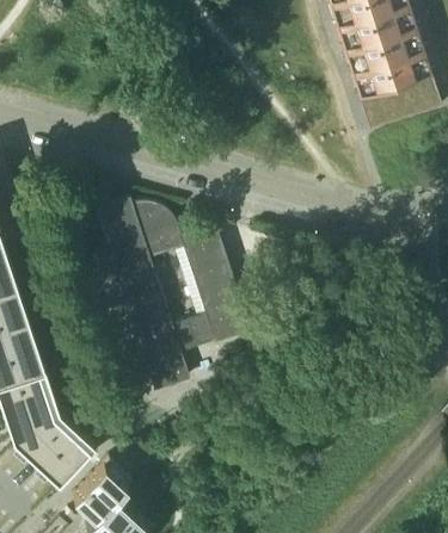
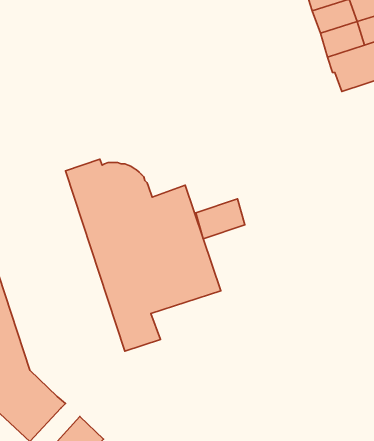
building: none -> [196,199,245,239]

